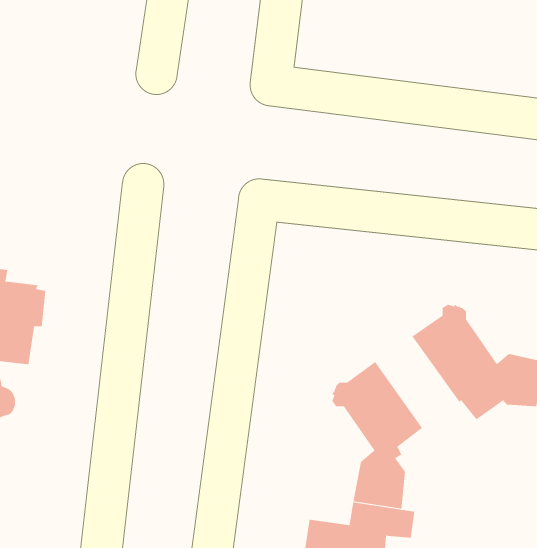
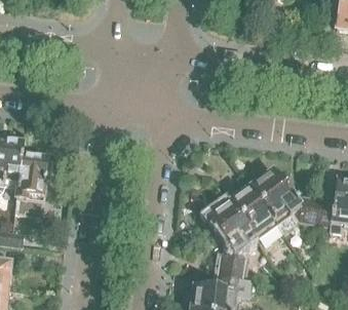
building: none -> [230,184,275,235]

